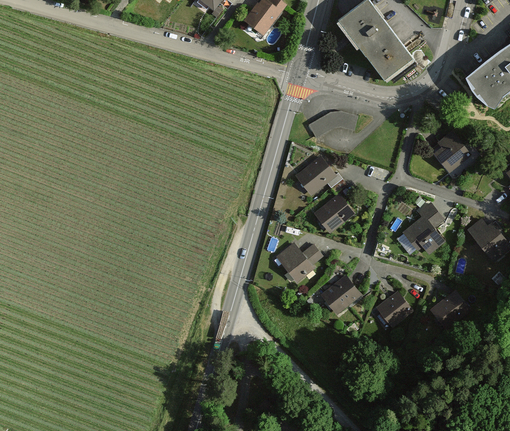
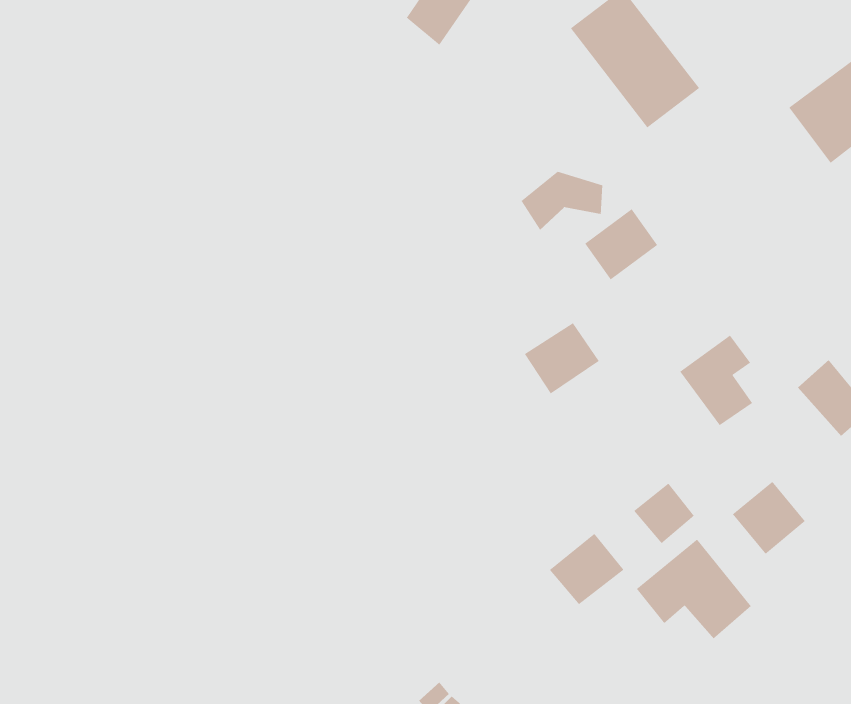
building: [428,129,469,170] -> none
building: [296,155,338,196] -> [584,208,658,280]
building: [274,241,329,288] -> none
building: [320,276,363,317] -> [549,533,625,605]
building: none -> [636,538,752,640]

